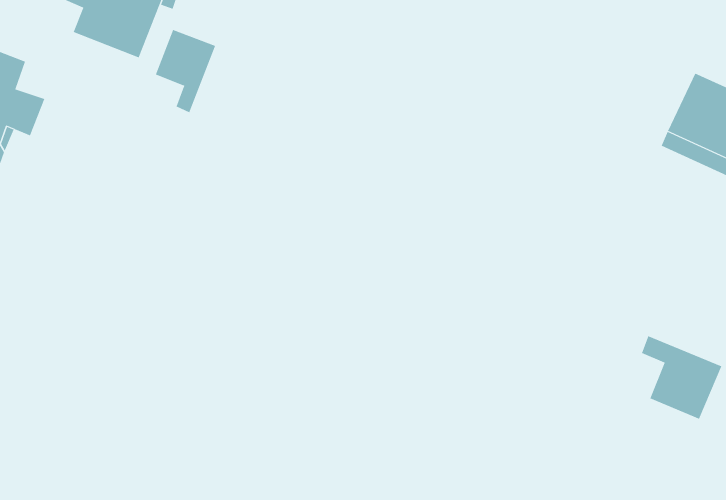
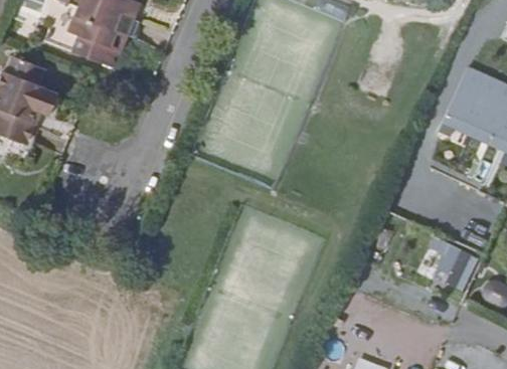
building: [155,29,216,113] -> none

